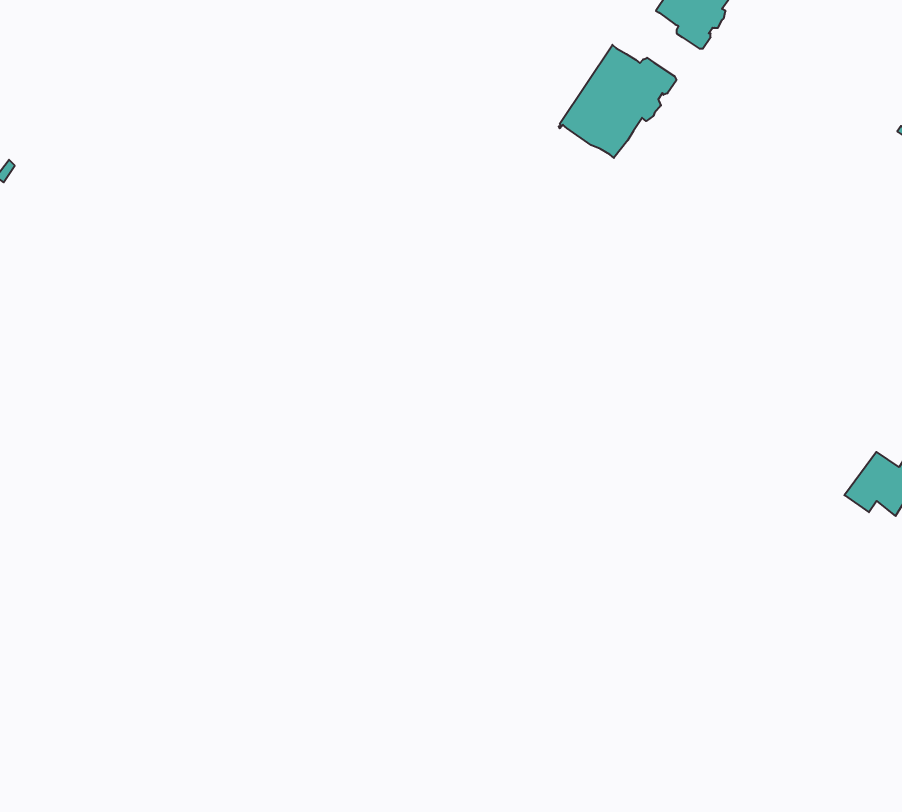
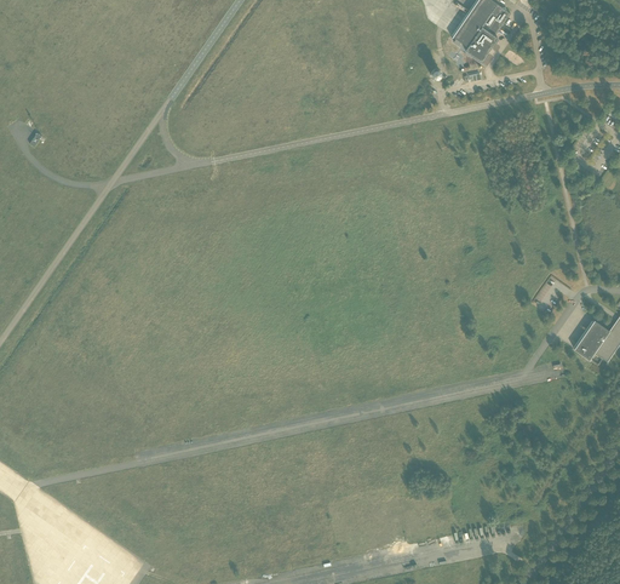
building: [559,45,676,158] -> none

